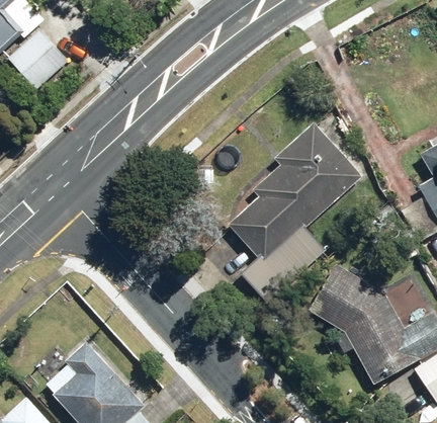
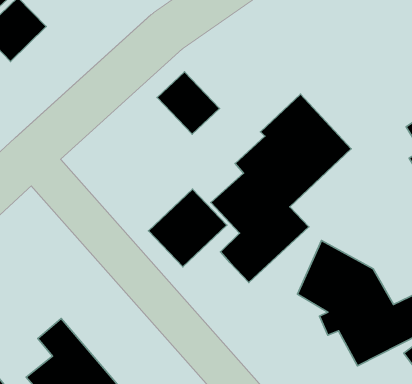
building: none -> [157,72,219,134]
building: none -> [149,189,227,267]

